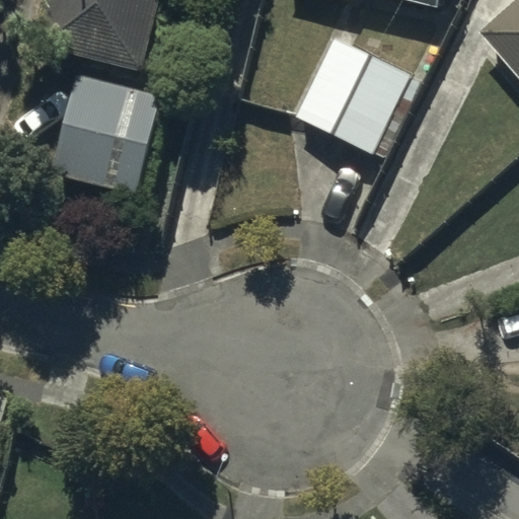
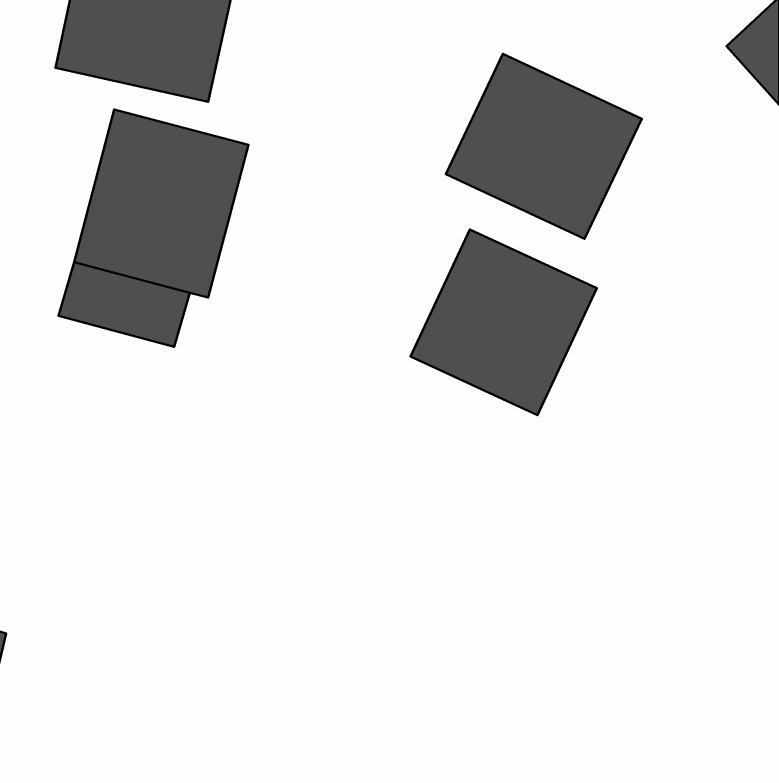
building: none -> [410,230,597,415]

